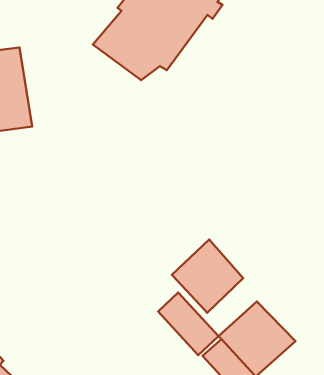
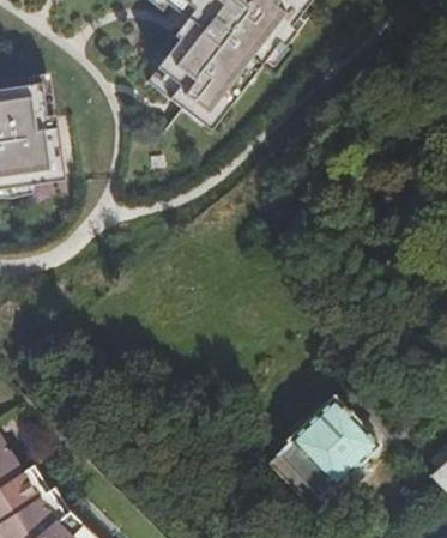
building: [172,239,243,313] -> none
building: [158,293,218,355] -> none

